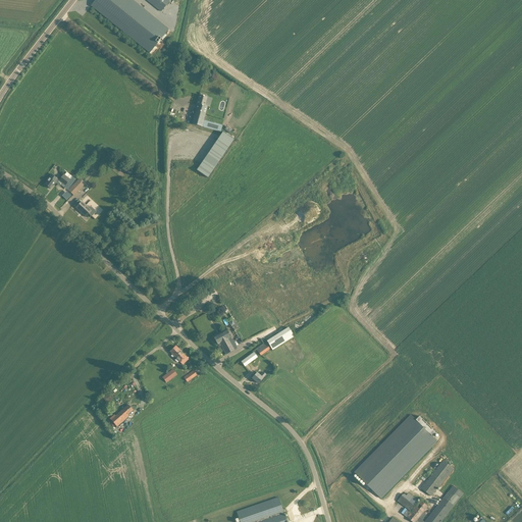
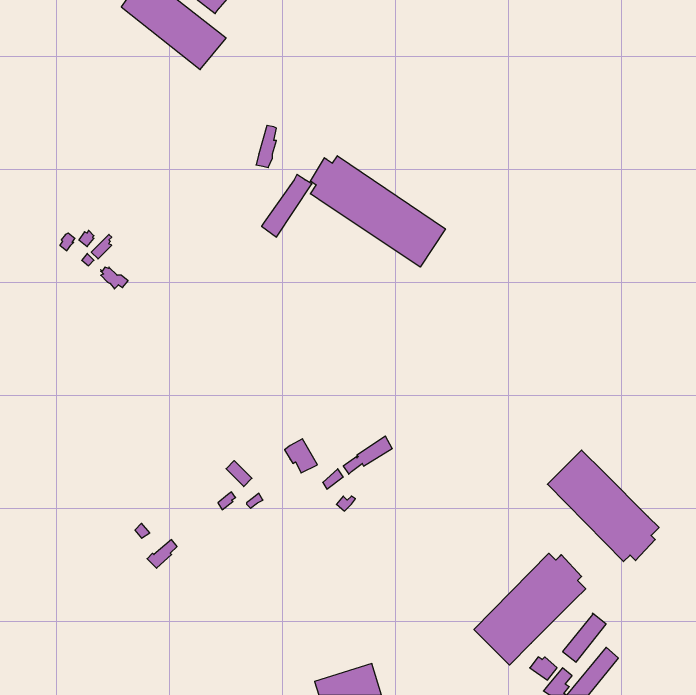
building: none -> [310,156,445,267]
building: none -> [547,450,659,562]

